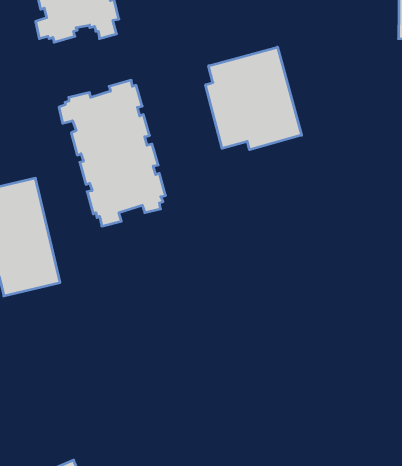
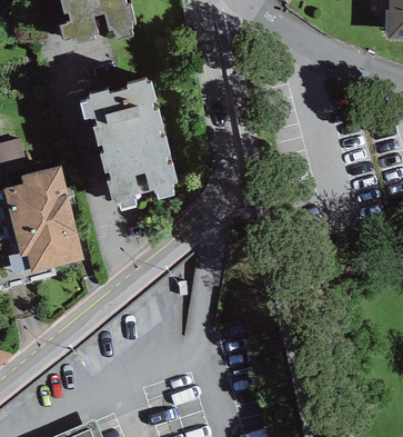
building: [206,47,302,150] -> none

